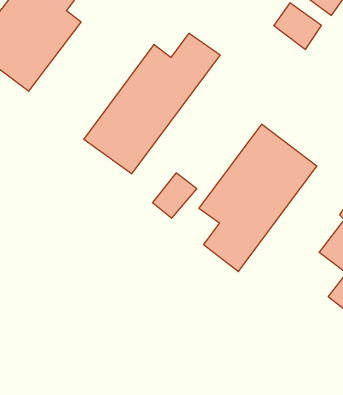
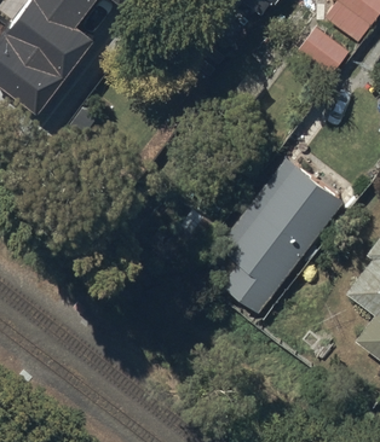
building: [84,33,220,174] -> none

